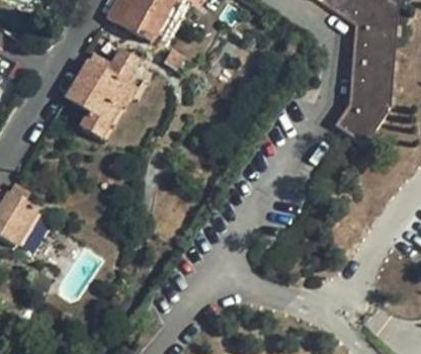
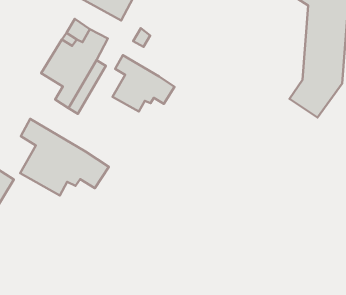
building: none -> [113,55,175,111]
building: none -> [20,119,109,195]

